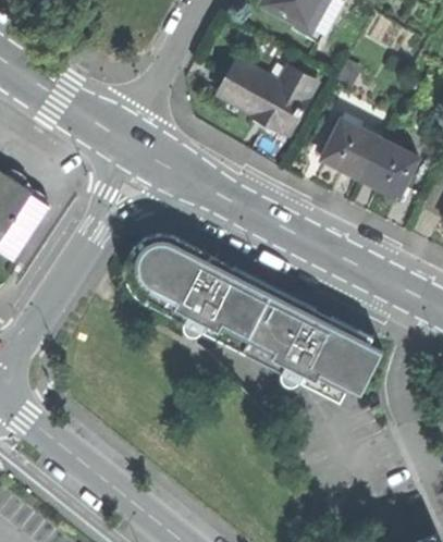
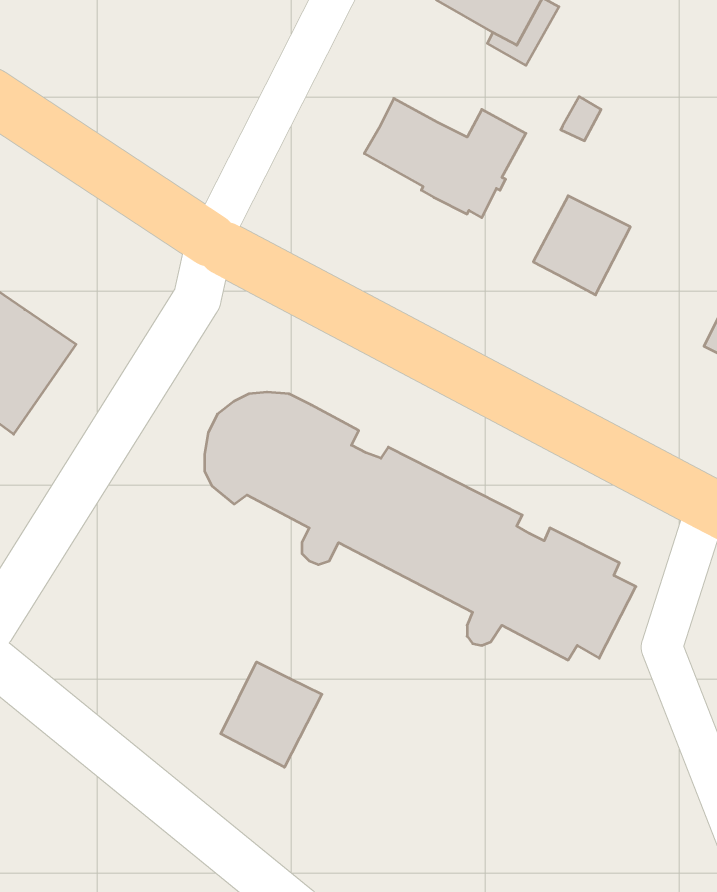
building: [357,138,418,199] -> none
building: none -> [221,662,322,767]

